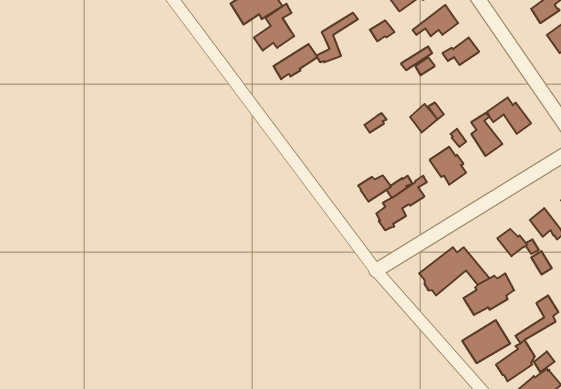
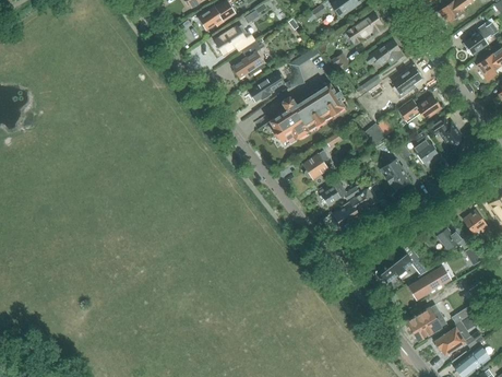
building: none -> [268,82,345,145]
building: none -> [396,95,440,123]
building: none -> [302,150,328,179]

